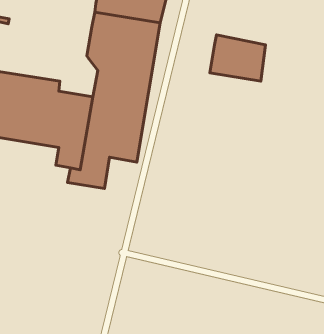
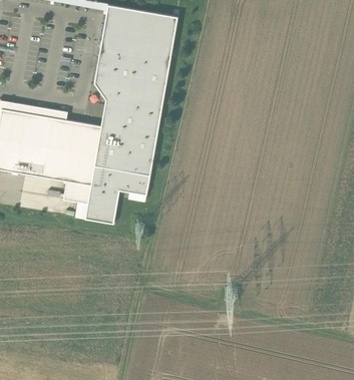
building: [210,35,266,81] -> none

